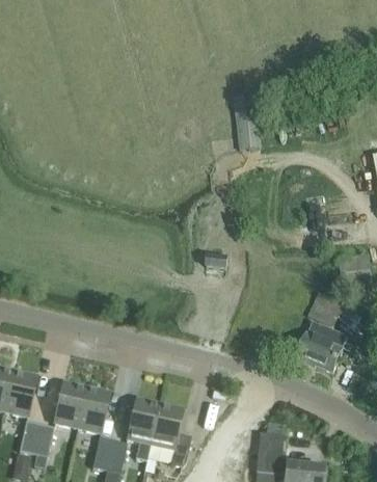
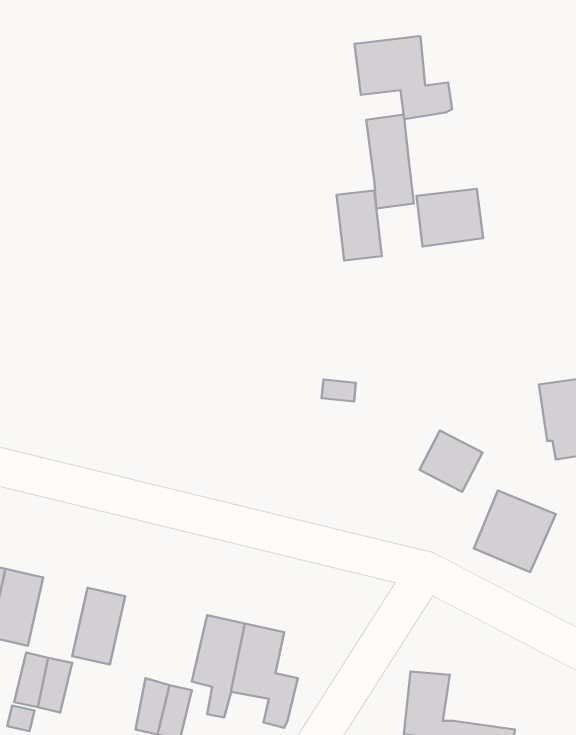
building: none -> [354,36,452,119]
building: none -> [417,189,483,246]
building: none -> [336,191,382,261]
building: [306,292,345,329] -> [419,430,483,492]
building: [78,386,111,433] -> none

